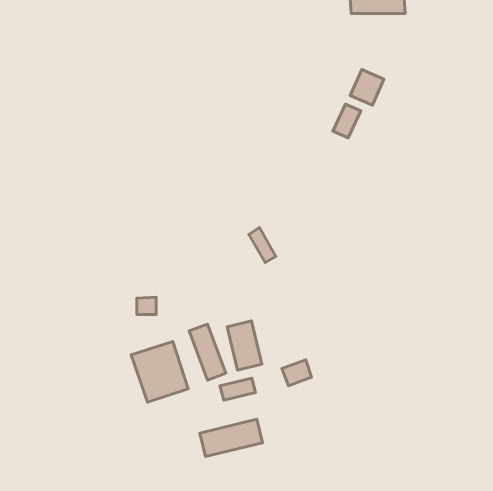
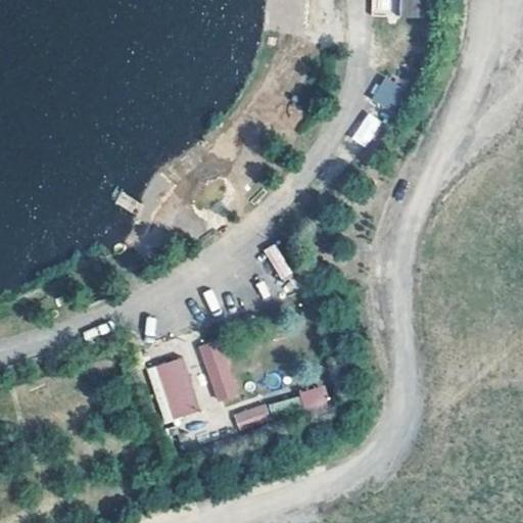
building: [227,321,262,370] -> none
building: [200,419,263,457] -> none

